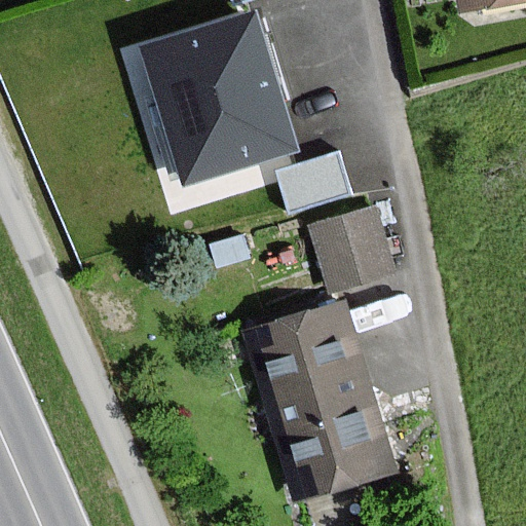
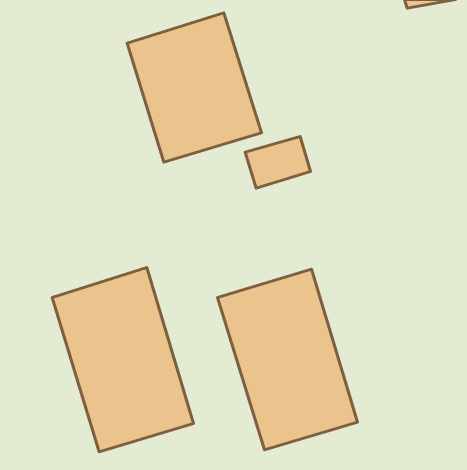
building: [309,206,397,295] -> none
building: none -> [52,267,194,452]

